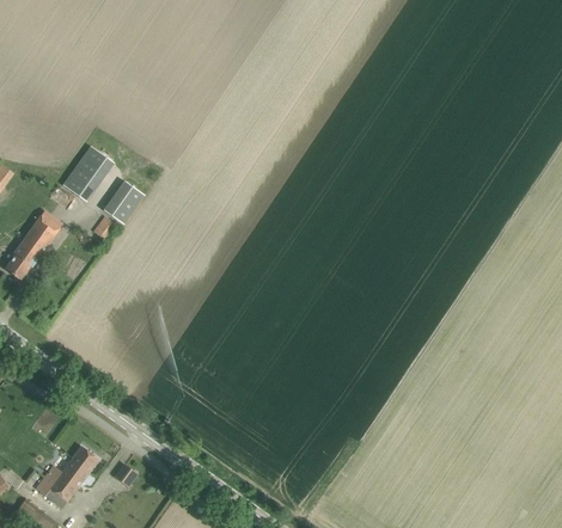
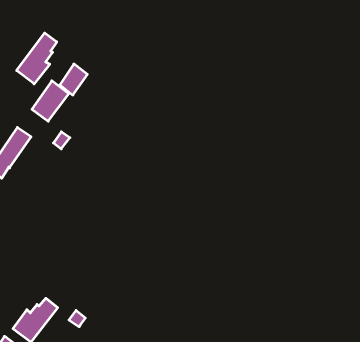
building: none -> [17,33,57,84]
building: [104,182,142,225] -> [60,64,87,95]

